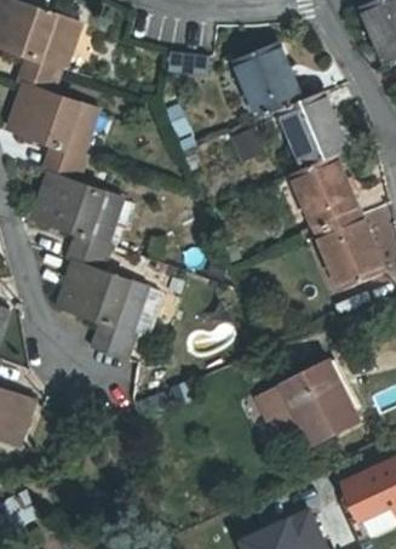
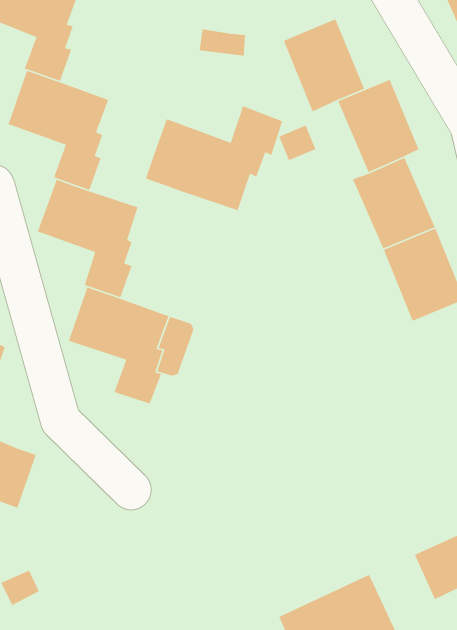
building: none -> [145,105,283,211]
building: [256,362,356,446] -> none

